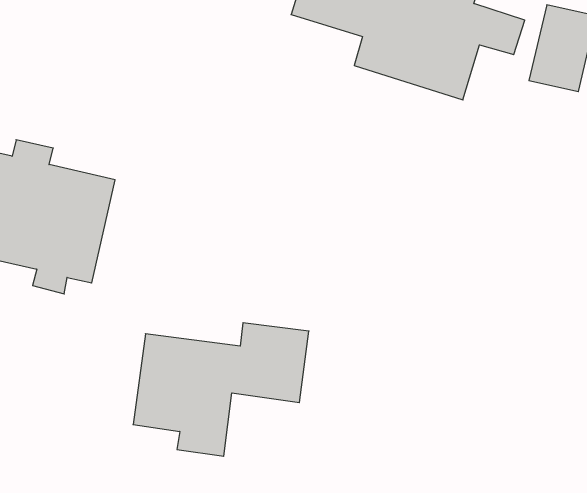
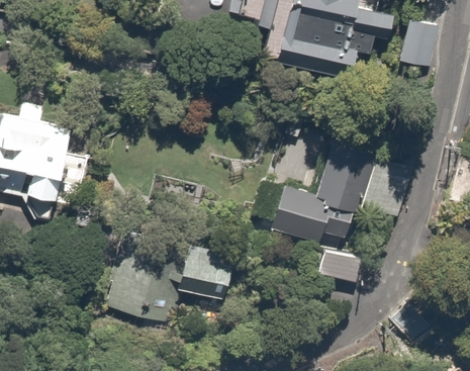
building: none -> [271,133,378,288]

